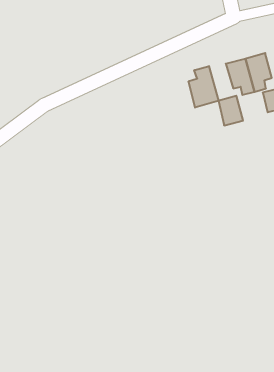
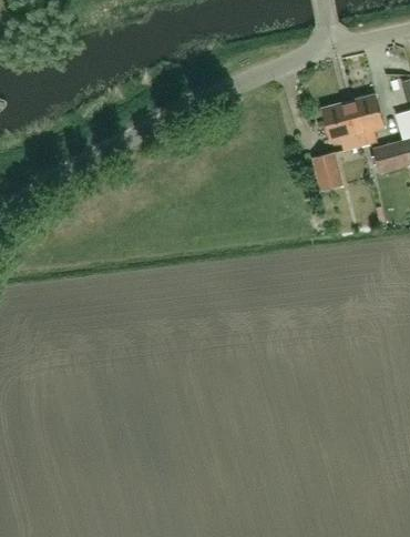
building: [189,66,218,108] -> none

